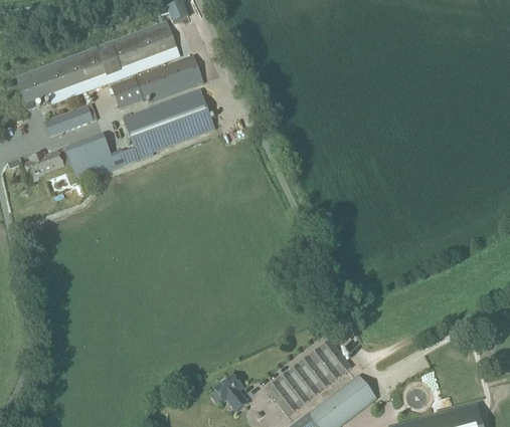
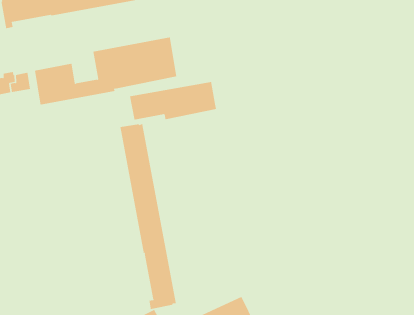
building: [111,54,204,109] -> [129,81,217,120]
building: [44,103,98,137] -> none
building: none -> [120,123,177,310]

